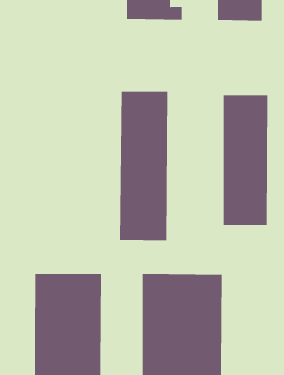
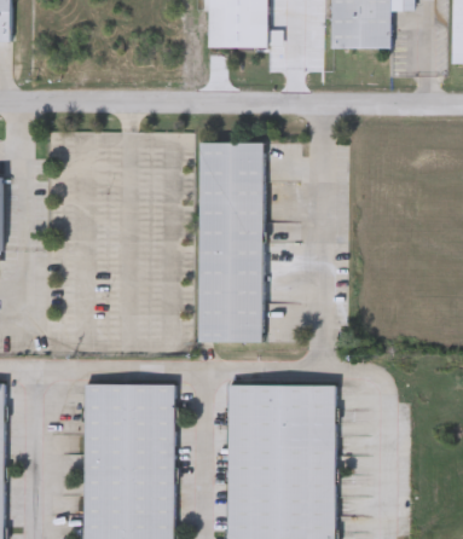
building: [223,95,268,226] -> none

